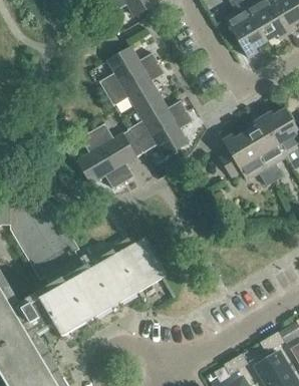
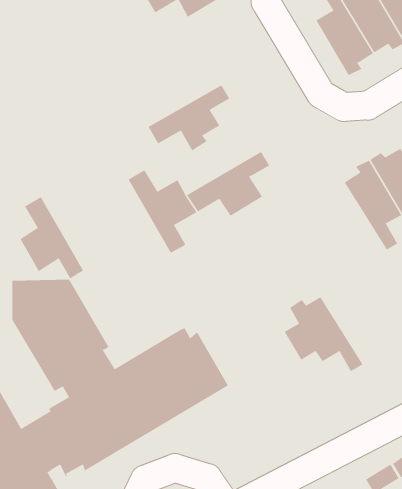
building: [99,46,159,93] -> none
building: [127,92,187,141] -> none
building: [77,130,122,188] -> [20,197,84,279]
building: [219,132,275,185] -> [284,296,363,372]

